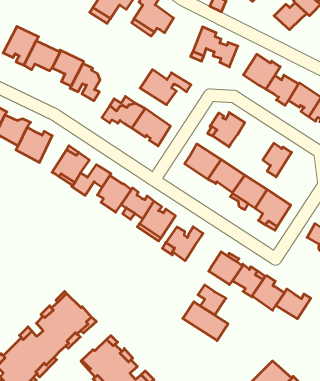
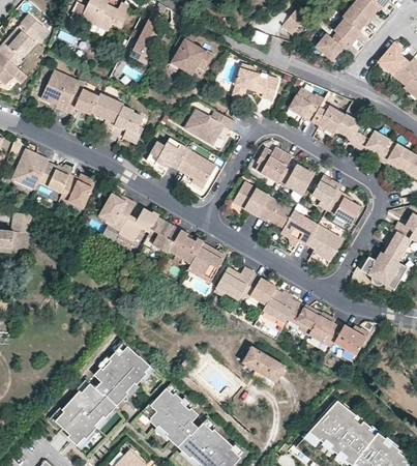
building: none -> [278,166,315,196]
building: none -> [327,191,361,226]
building: [198,285,226,315] -> [248,275,277,305]

